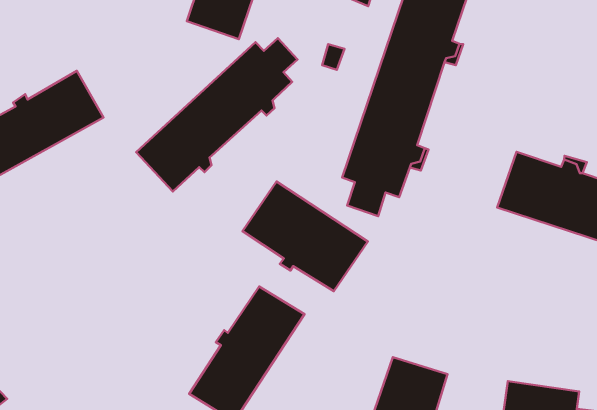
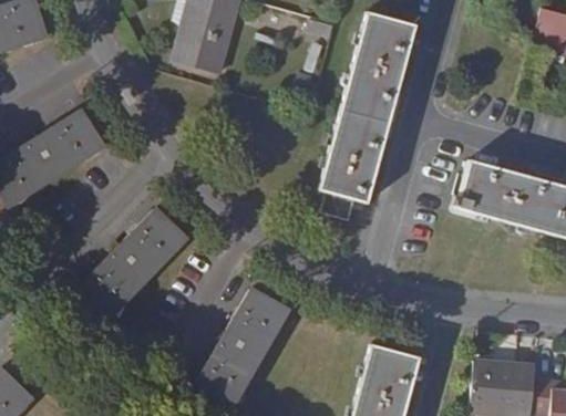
building: [136,38,298,192] -> none
building: [242,182,368,291] -> none
building: none -> [76,208,187,321]

